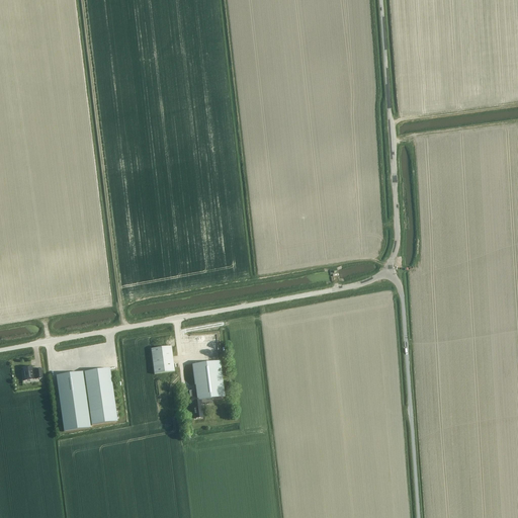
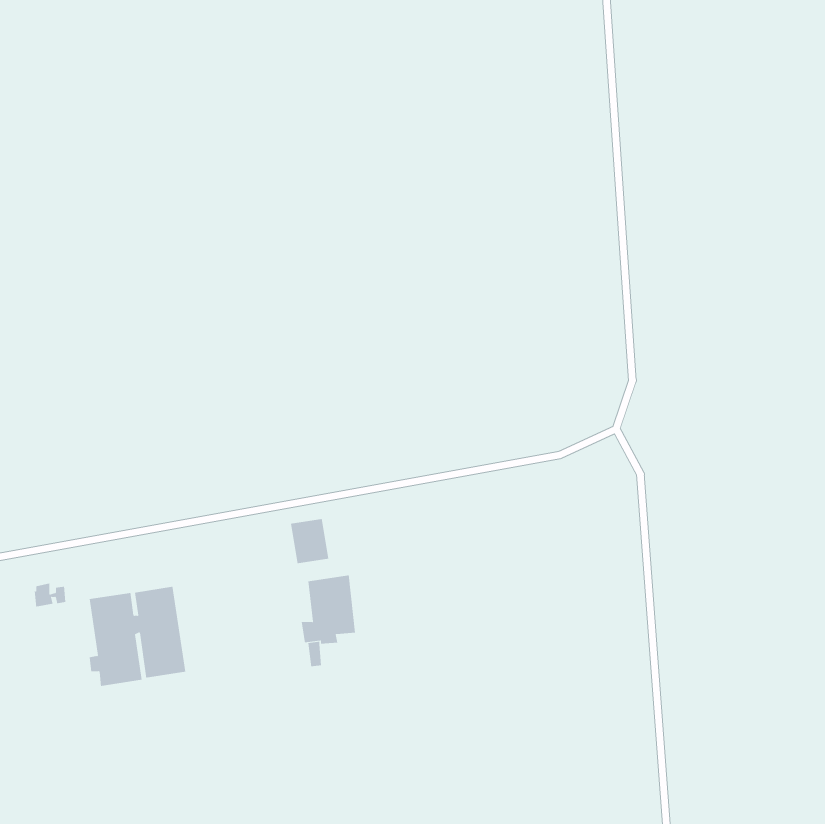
building: [150,344,174,372] -> [290,518,329,564]

